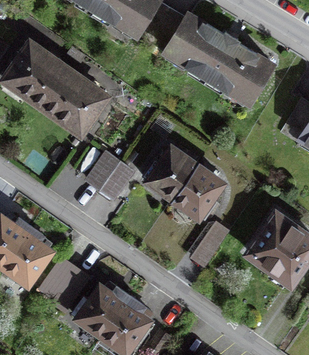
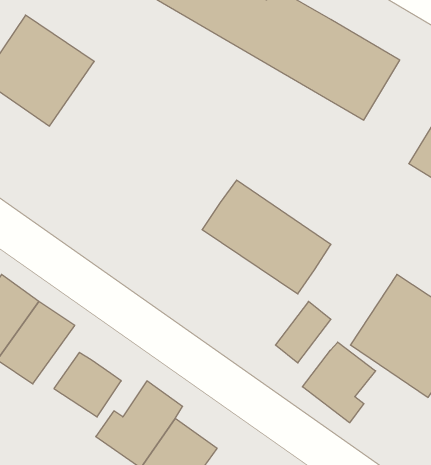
building: [40,66,108,136] -> none
building: [82,154,132,203] -> none
building: none -> [302,342,376,423]

